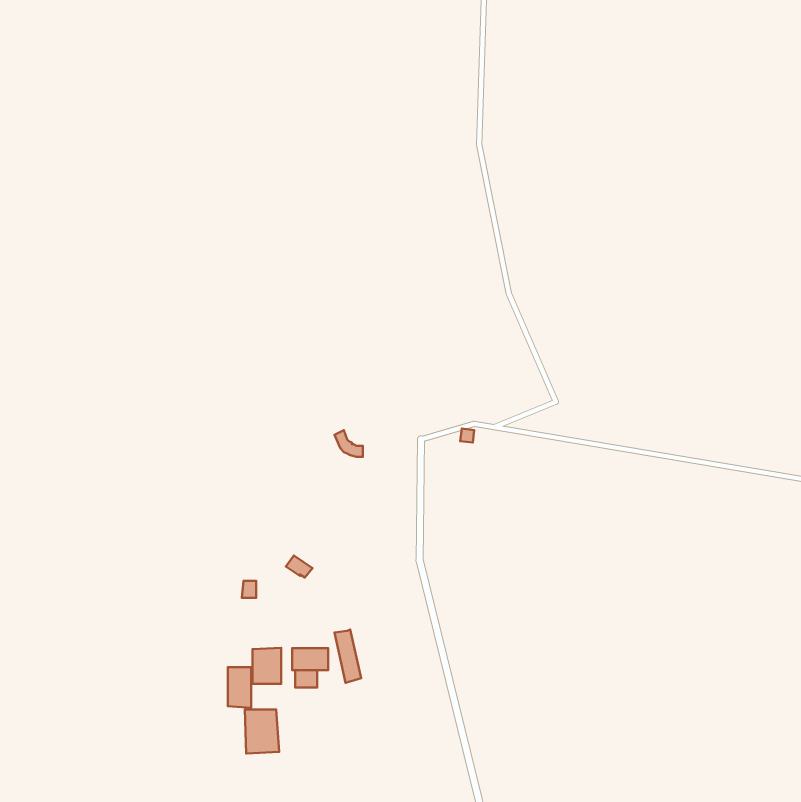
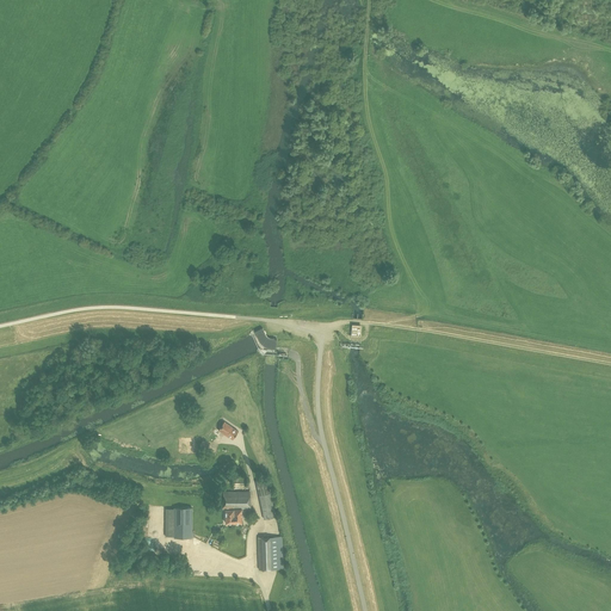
building: [253,648,281,684] -> none
building: [245,710,279,753] -> [257,537,283,570]

